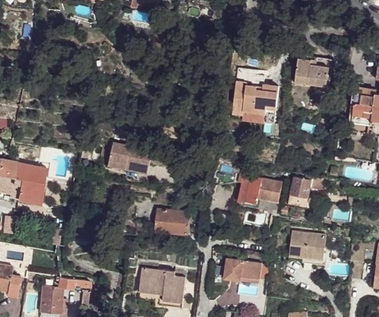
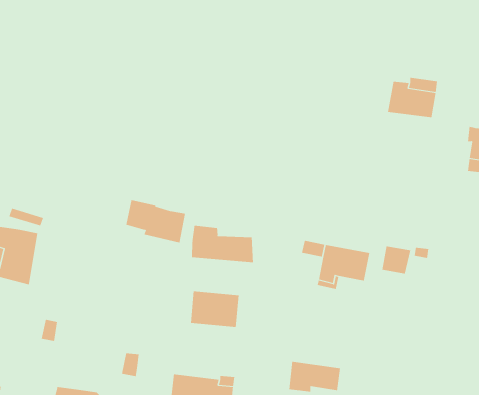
building: [232,81,278,115] -> none
building: none -> [192,225,253,263]
building: [289,232,325,260] -> none

